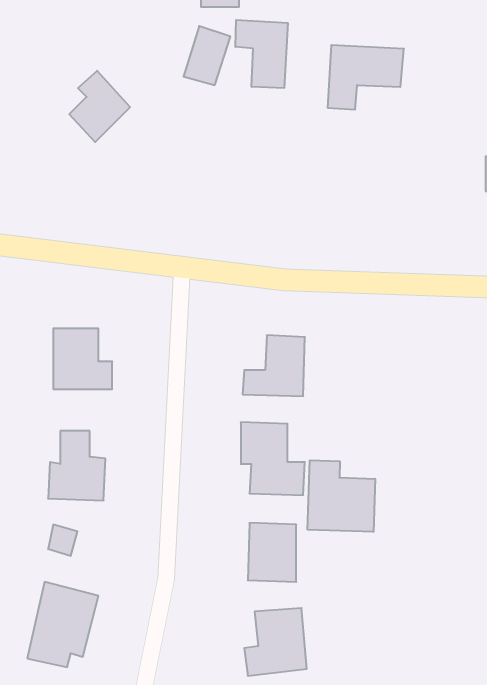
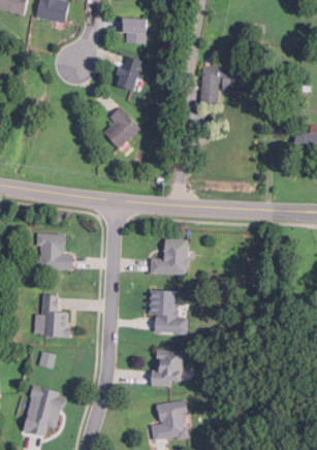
building: [235,20,288,88] -> none
building: [69,71,130,142] -> [103,106,139,149]
building: [308,460,375,532] -> none

